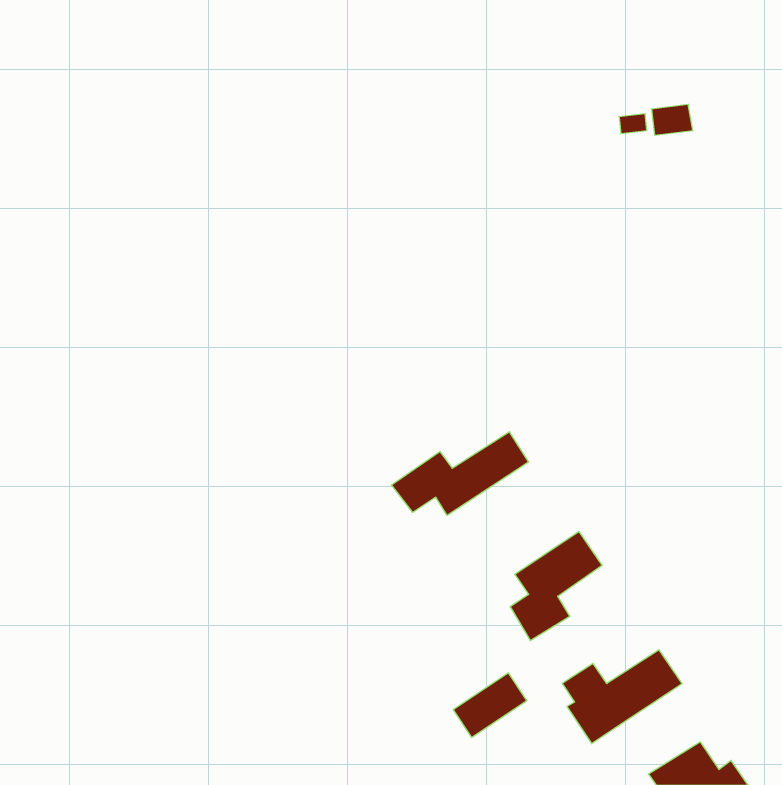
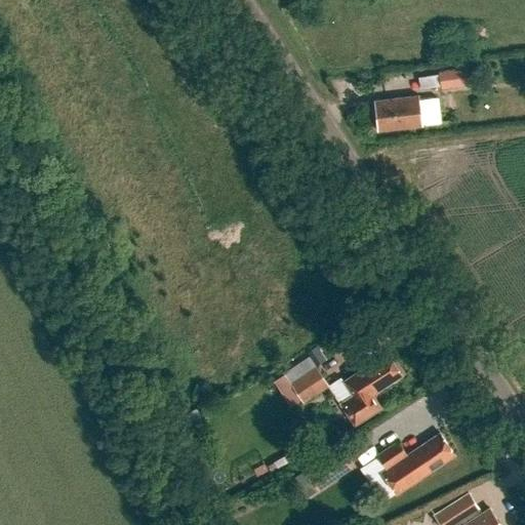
building: none -> [370,96,437,132]
building: [392,432,528,515] -> none
building: none -> [287,366,327,403]

